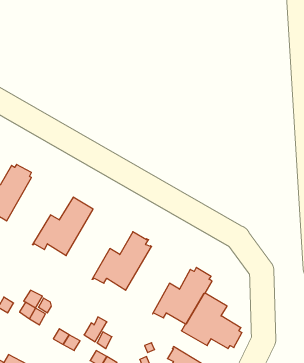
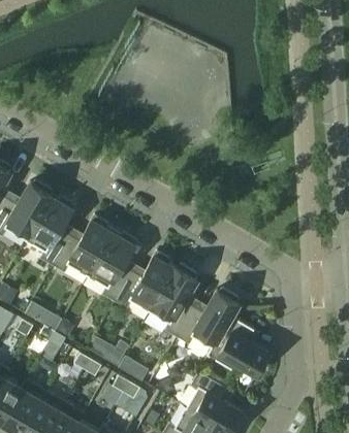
building: none -> [25,195,73,266]
building: none -> [87,229,136,302]
building: none -> [149,266,196,338]

